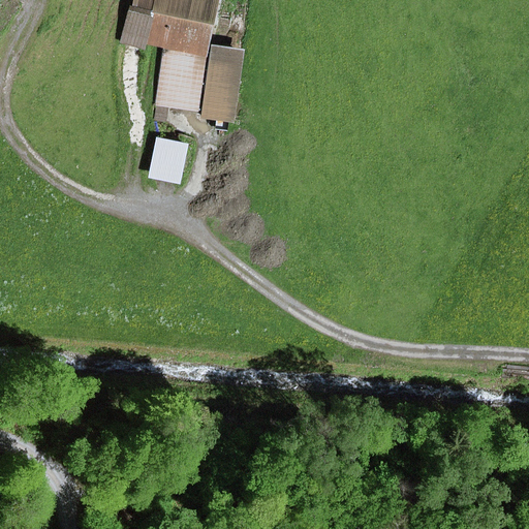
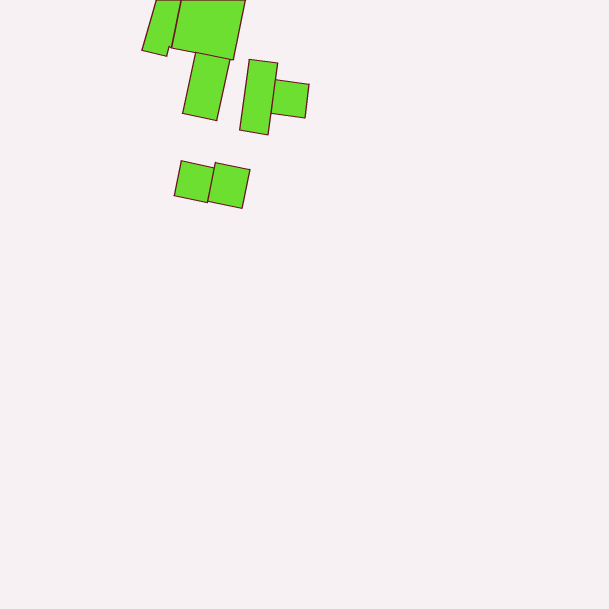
building: none -> [271,80,309,118]
building: none -> [208,162,250,208]

